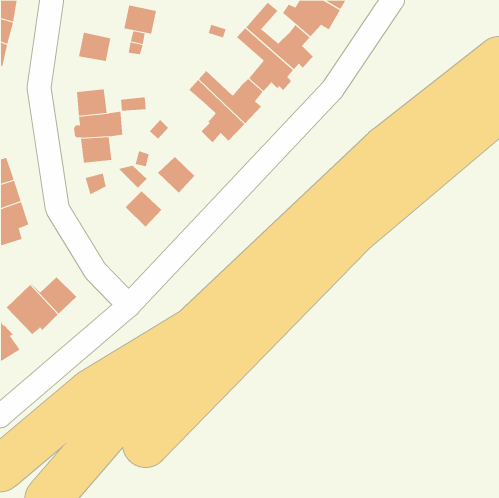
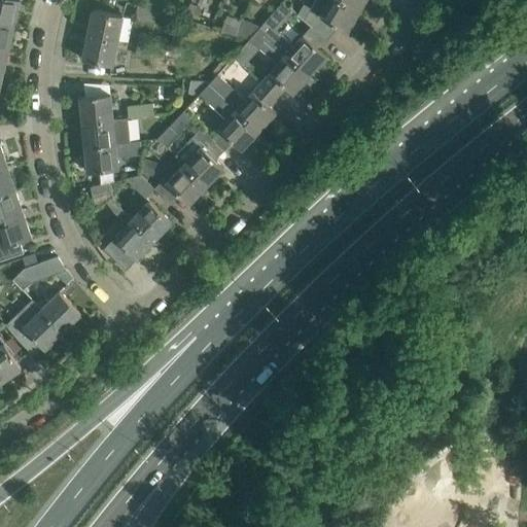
building: [124,5,157,34] -> [87,10,122,41]
building: none -> [175,138,223,186]
building: none -> [103,213,153,271]
building: none -> [11,257,73,290]

